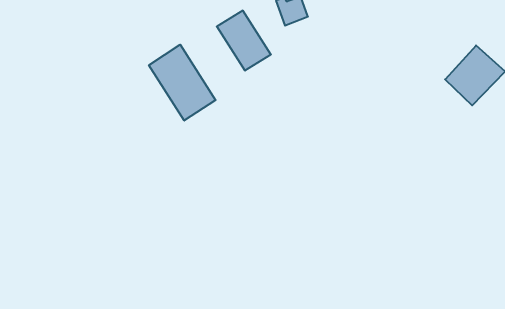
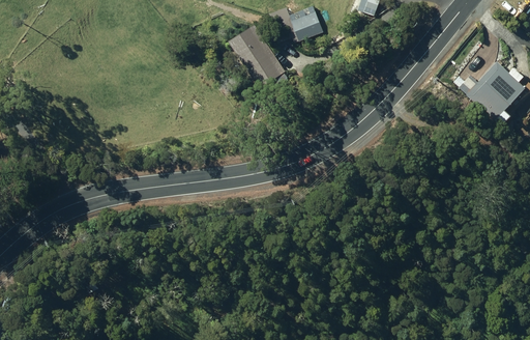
building: [149,45,216,121] -> none

